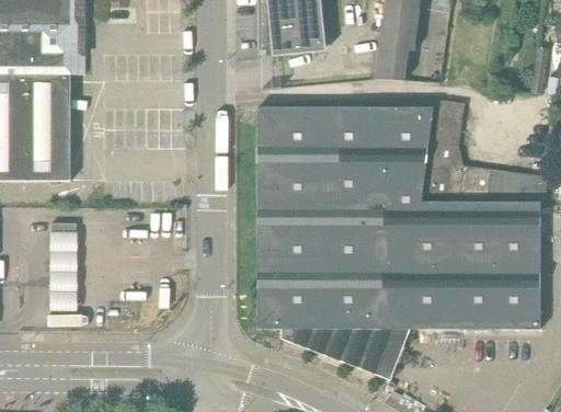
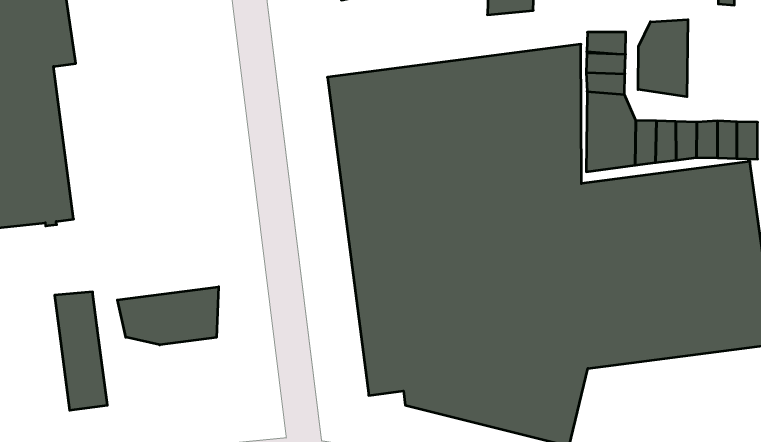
building: none -> [638,20,688,97]
building: none -> [117,287,219,345]

